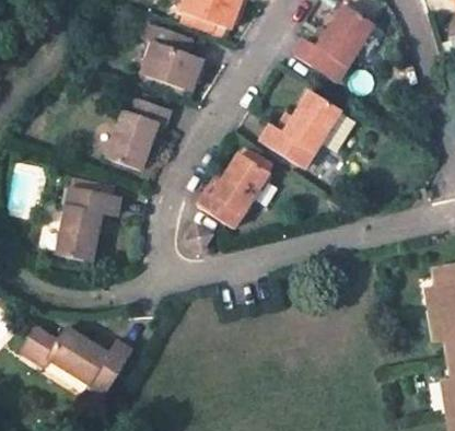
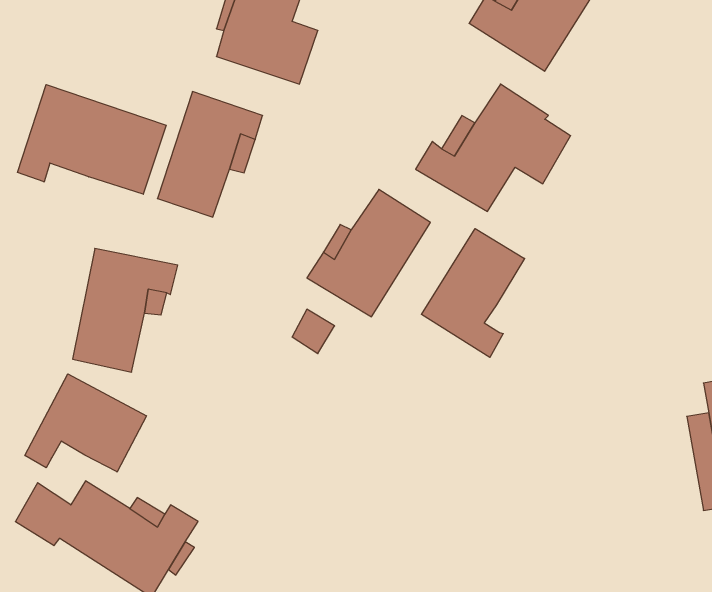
building: none -> [18,85,166,194]
building: none -> [421,229,525,357]
building: none -> [25,374,146,472]

